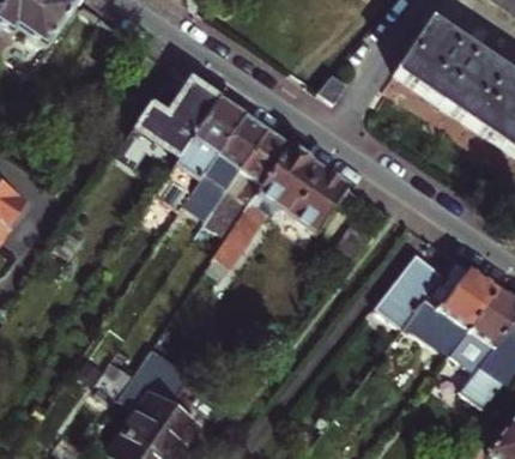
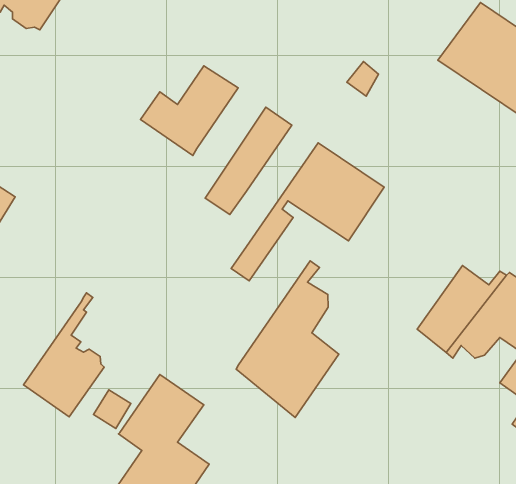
building: [178,97,243,193] -> none
building: [213,129,289,235] -> none
building: none -> [236,261,339,417]
building: none -> [23,293,104,417]

